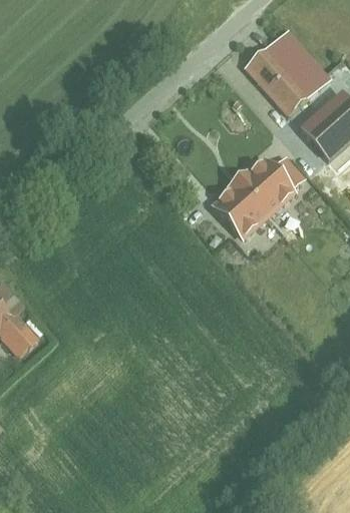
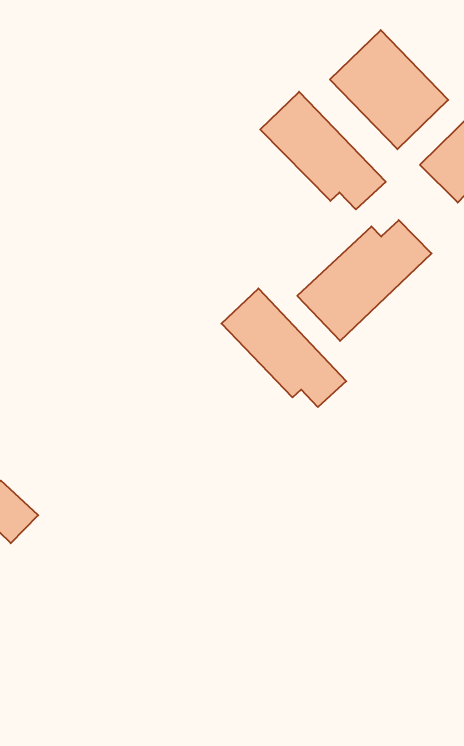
building: none -> [260,92,386,209]
building: none -> [221,288,346,407]

